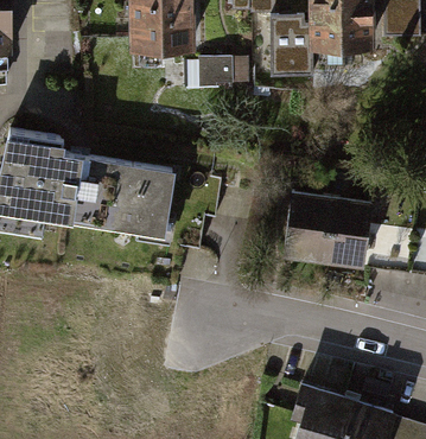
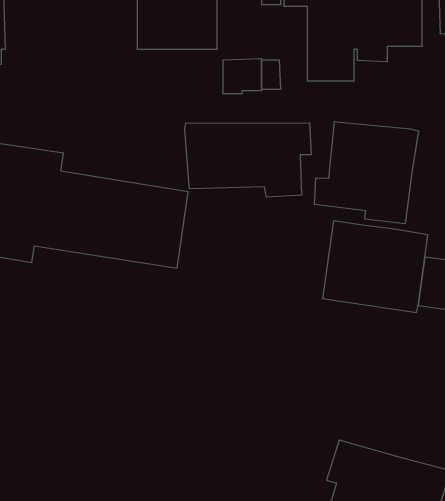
building: none -> [314,122,418,224]
building: none -> [185,123,311,197]

